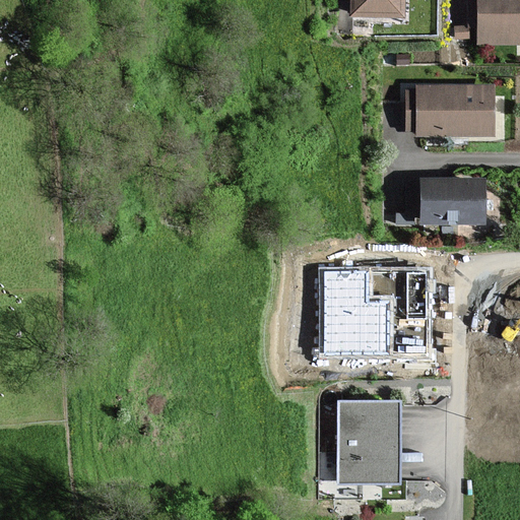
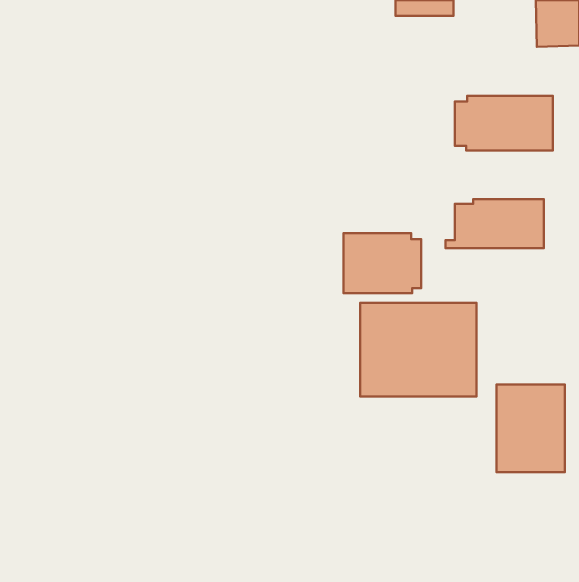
building: none -> [344,233,421,293]
building: [338,402,399,480] -> [496,385,565,472]

